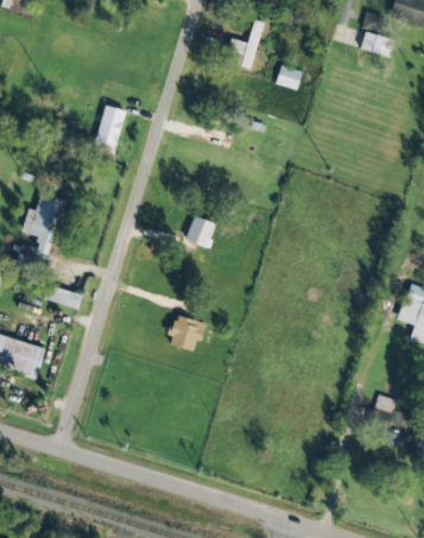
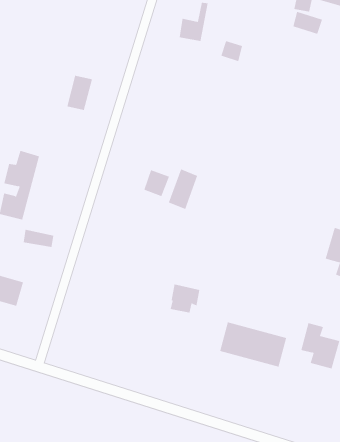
building: none -> [168,168,198,210]
building: [170,316,205,350] -> [170,284,200,313]
building: none -> [220,321,287,368]

